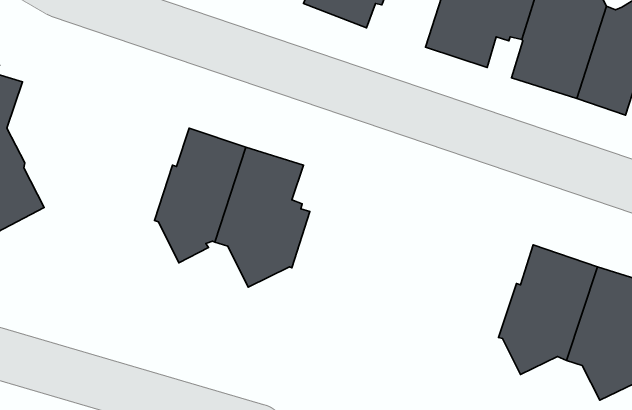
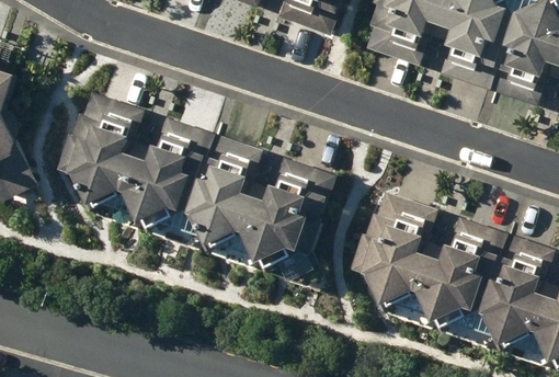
building: none -> [59,92,148,210]
building: none -> [250,157,333,271]
building: none -> [352,192,442,310]

